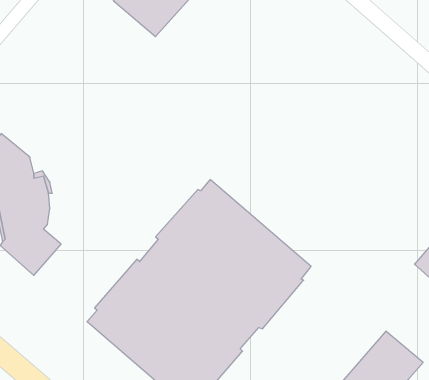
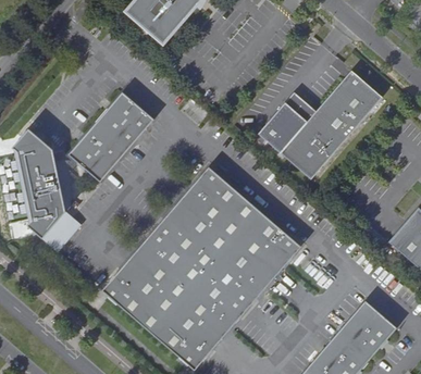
building: none -> [258,70,383,179]
building: none -> [67,91,153,182]

